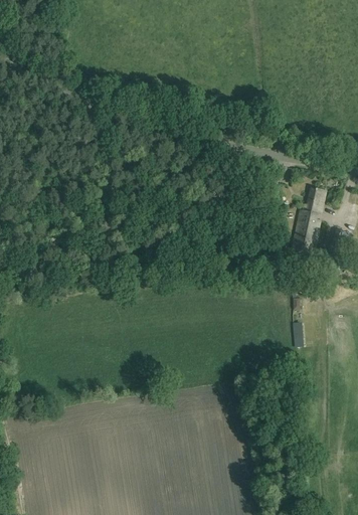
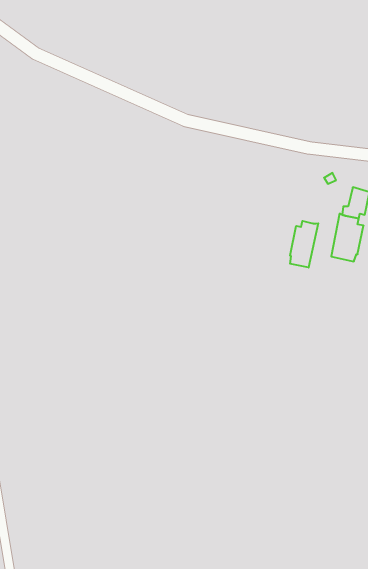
building: none -> [290,221,318,268]

